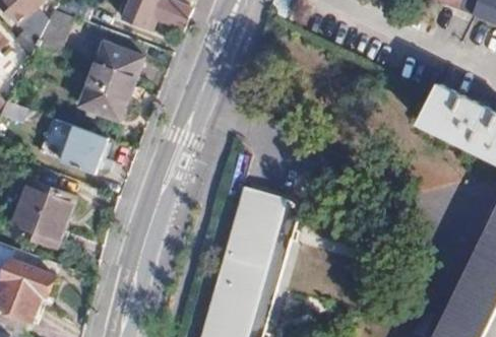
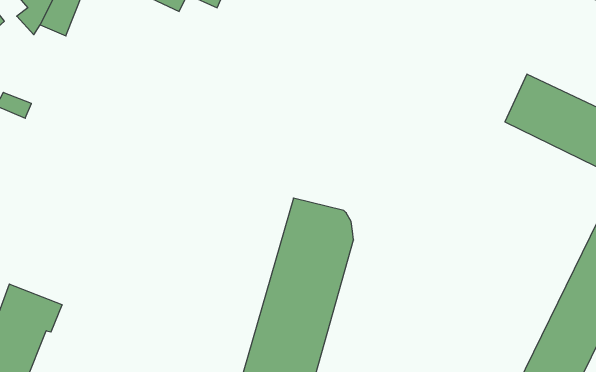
building: [80,43,142,120] -> none
building: [60,126,108,174] -> none
building: [9,179,76,247] -> none

